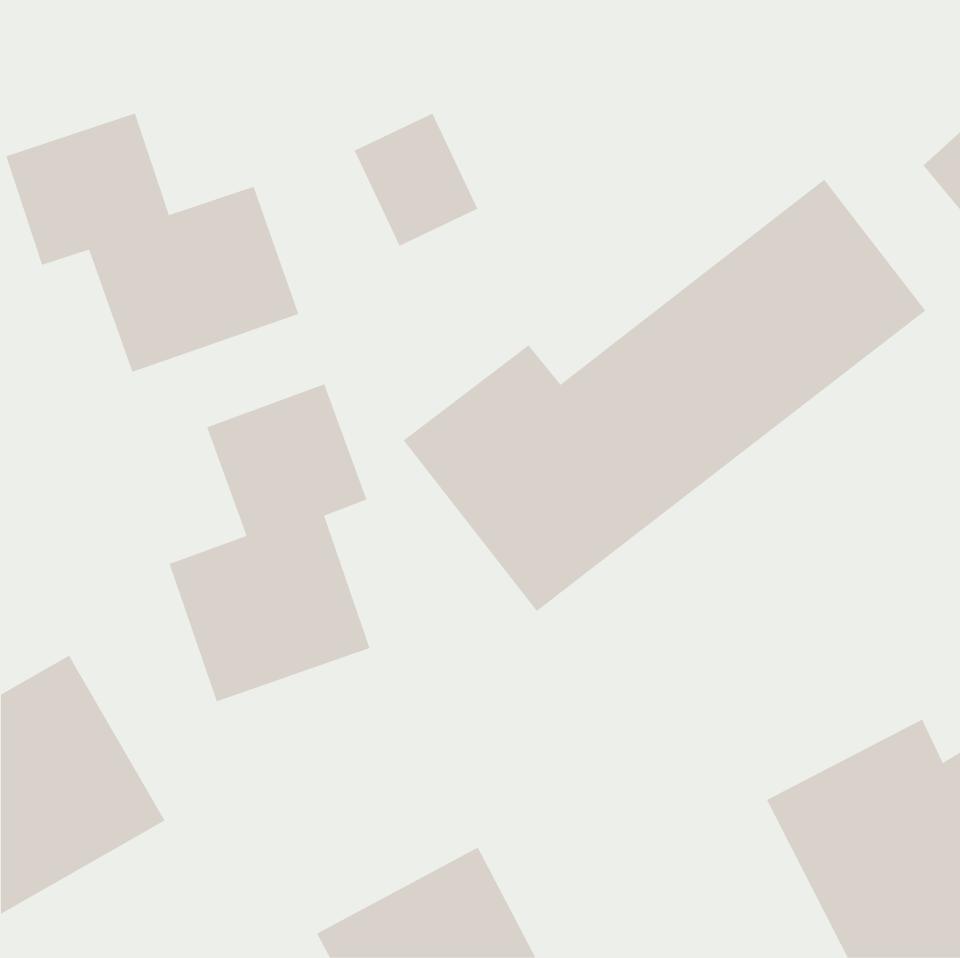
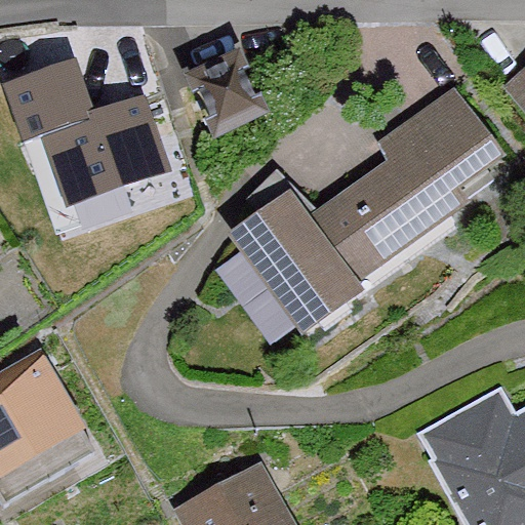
building: [169,384,370,702] -> none

